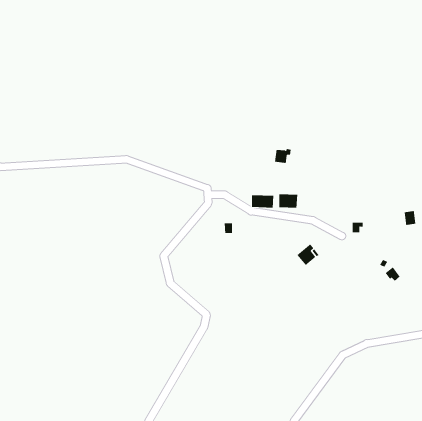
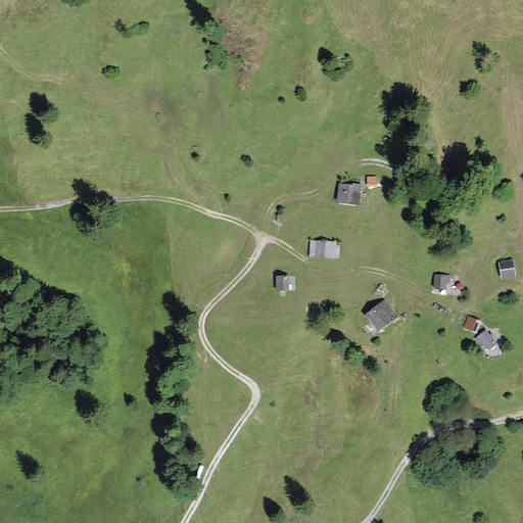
building: [279,194,298,209] -> none

